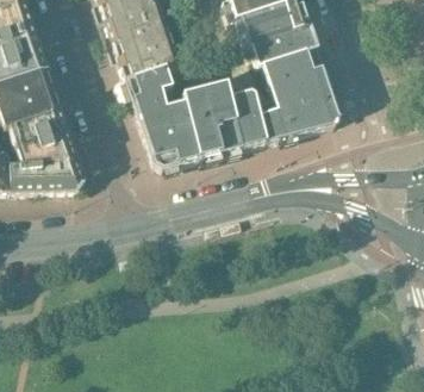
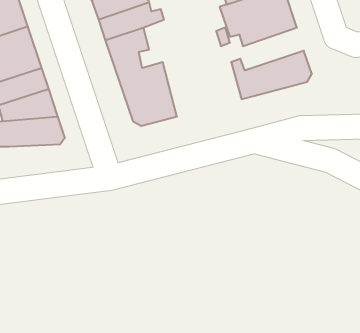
building: [262,64,328,108] -> none
building: [180,79,263,156] -> none

